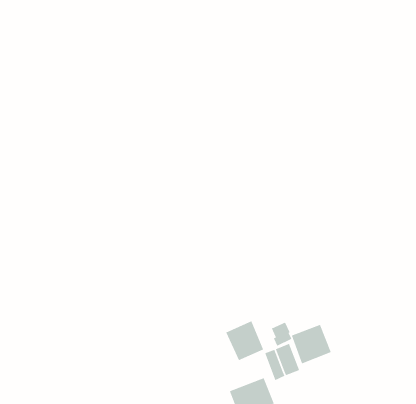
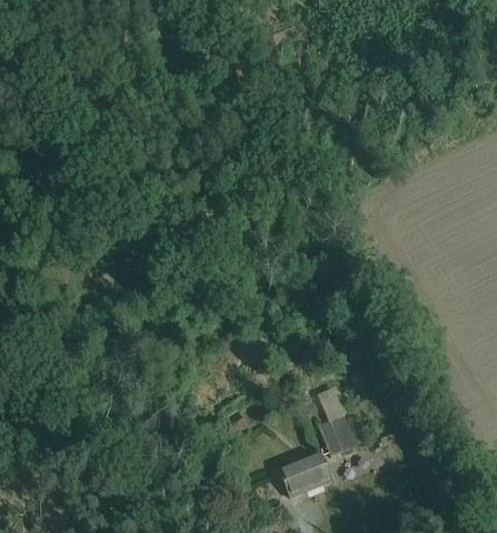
building: [225,320,264,361] -> none
building: [291,324,332,364] -> none

